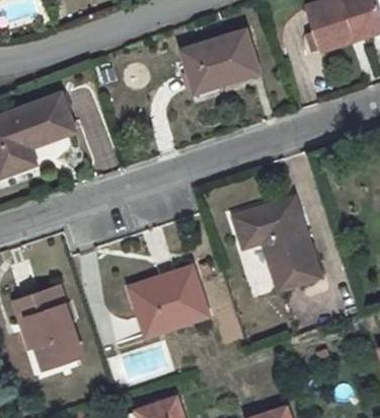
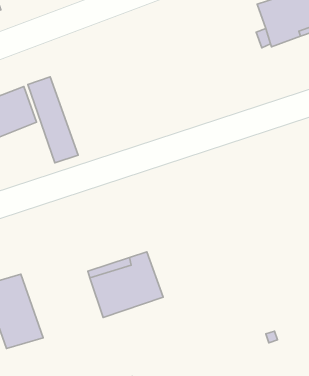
building: [181,29,258,89] -> none
building: [233,198,318,289] -> none

